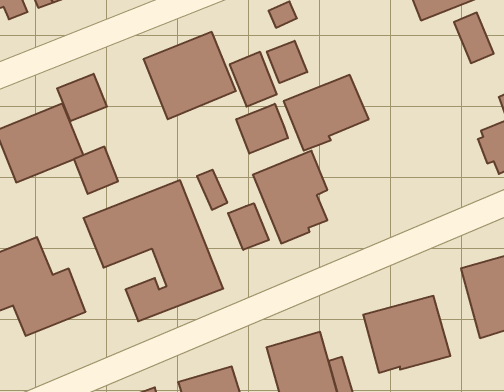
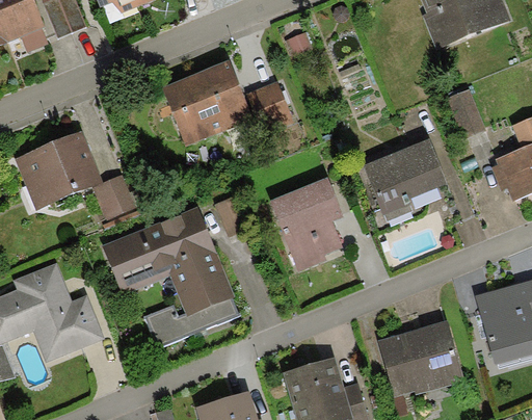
building: [454,13,494,63] -> [446,88,485,138]
building: [267,41,307,83] -> none
building: [57,74,107,121] -> none
building: [284,75,369,151] -> [363,139,447,214]
building: [236,104,288,154] -> none
building: [228,203,269,250] -> none

